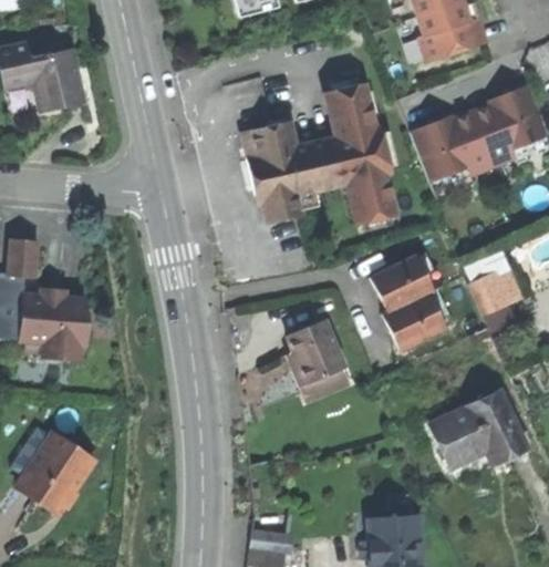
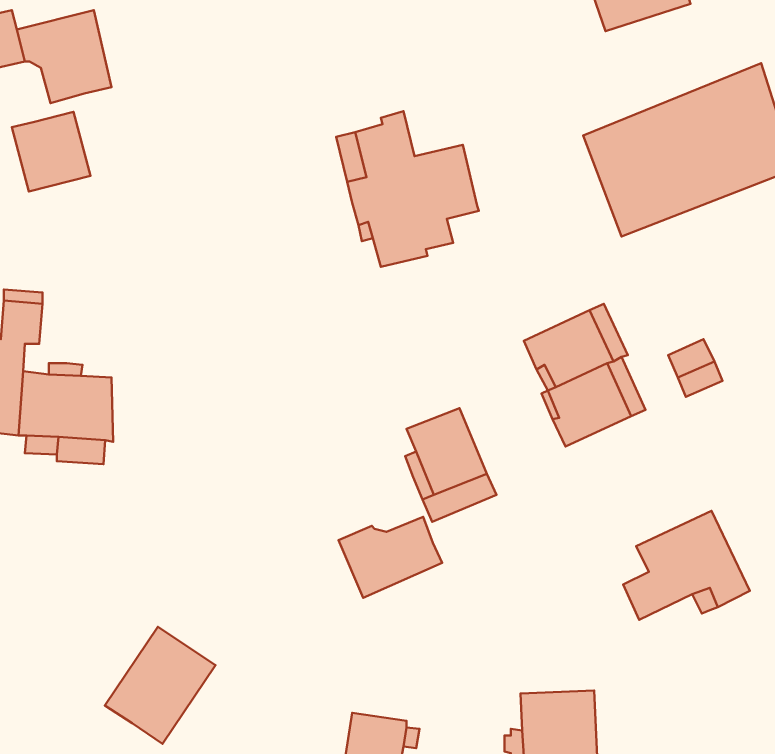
building: [325,81,395,220] -> none
building: none -> [12,112,91,191]
building: none -> [339,517,442,598]
building: [17,433,93,514] -> [105,627,215,744]

